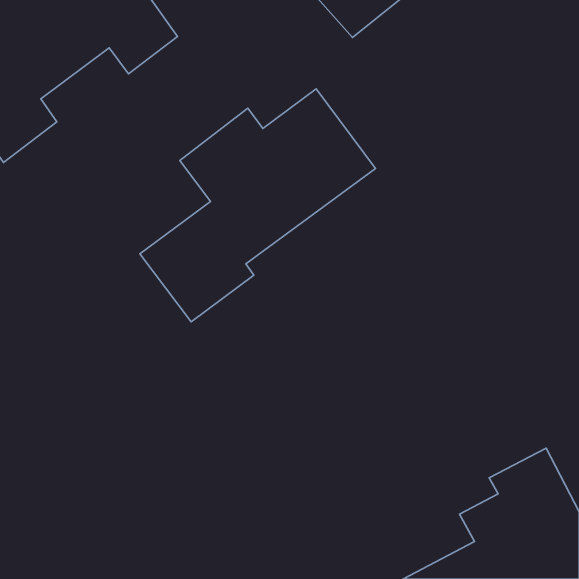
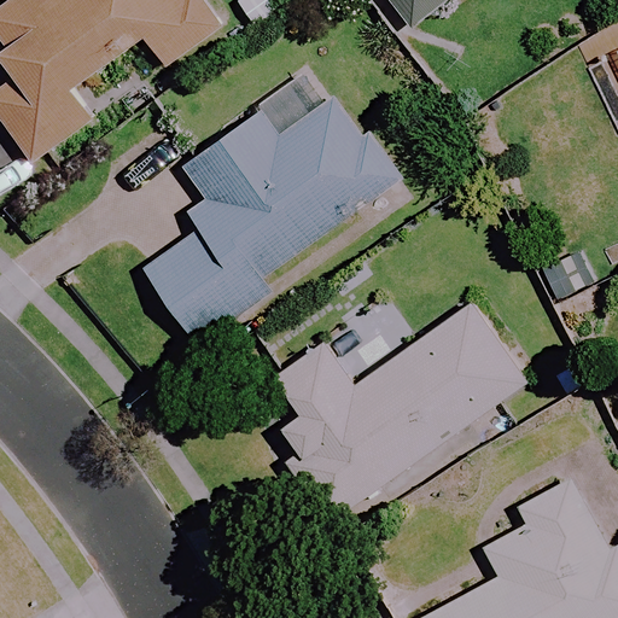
building: none -> [275,302,526,521]

